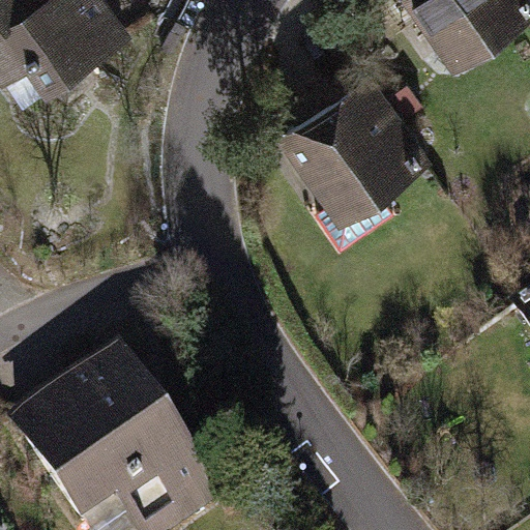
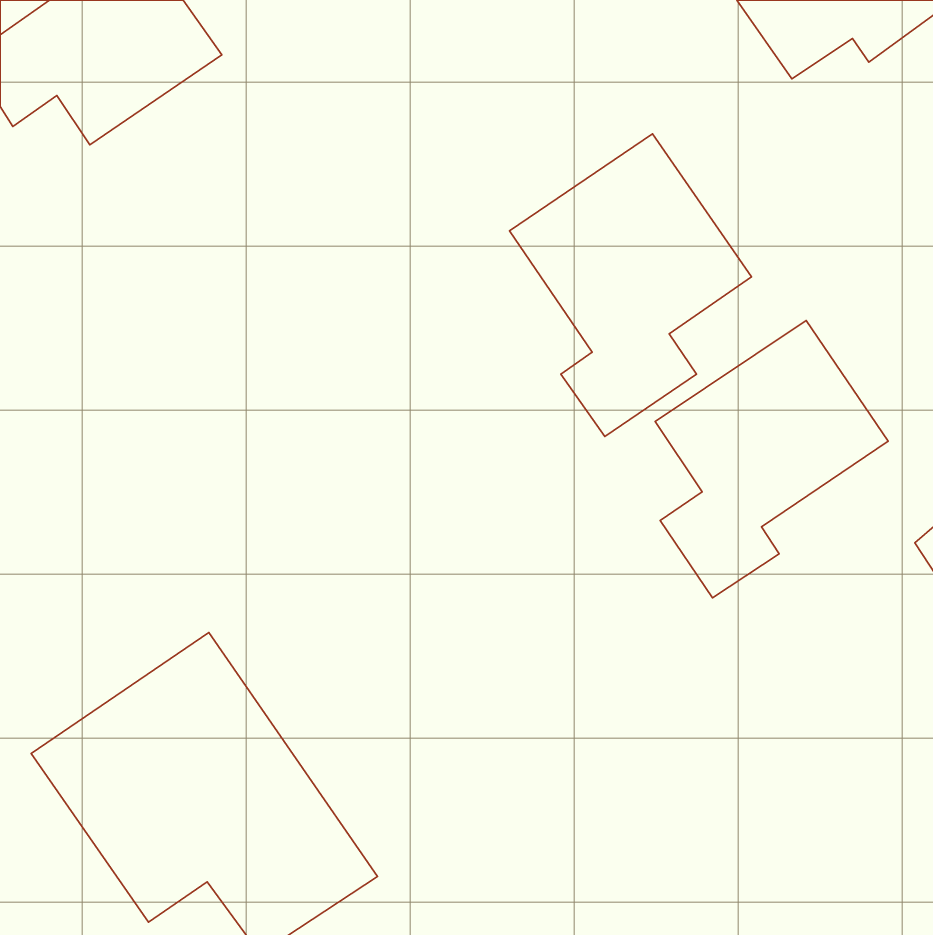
building: none -> [655,320,888,598]

